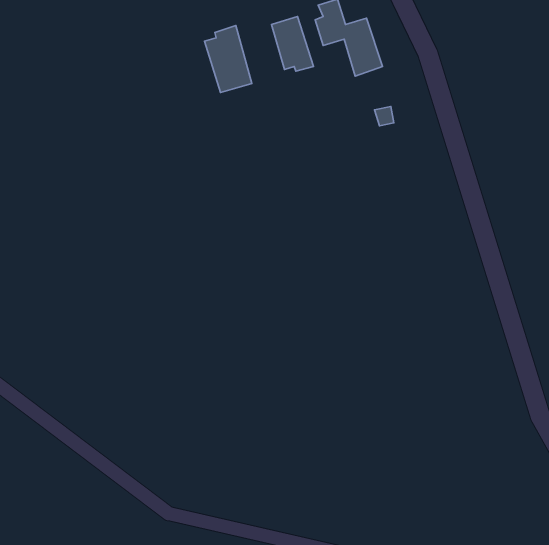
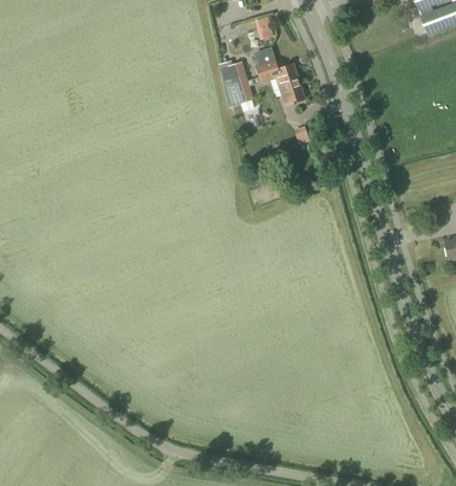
building: [204,26,252,92] -> none

